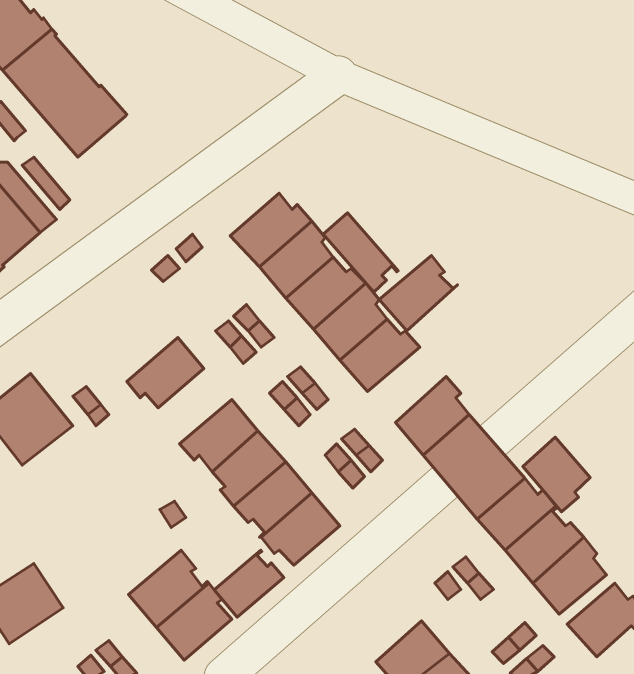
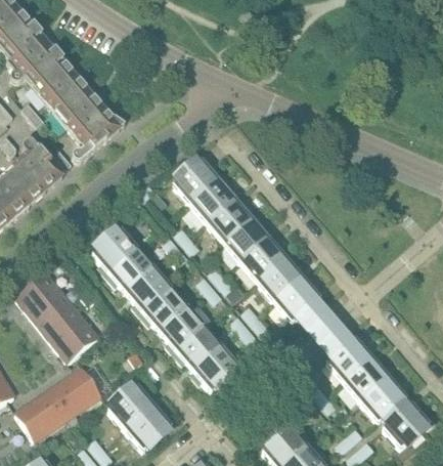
building: none -> [72,110,125,161]
building: [323,213,398,292] -> none
building: [379,255,458,331] -> [257,254,306,301]
building: none -> [92,227,138,276]
building: none -> [126,267,172,314]
building: none -> [41,303,99,362]
building: [523,437,590,512] -> none
building: none -> [48,366,100,417]
building: [214,550,284,617] -> none

